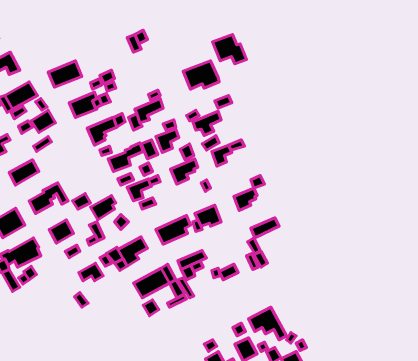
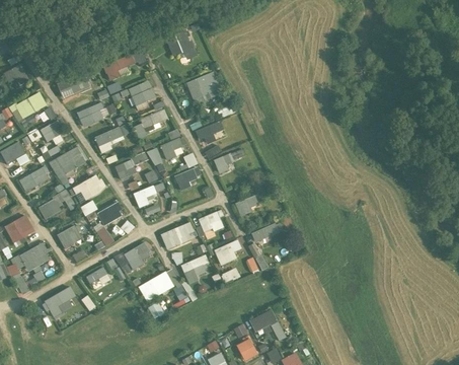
building: [213,34,246,64] -> [165,30,198,59]
building: none -> [102,54,135,81]
building: none -> [129,80,155,105]
building: none -> [50,145,87,185]
building: none -> [68,174,105,200]
building: none -> [214,239,241,265]
building: none -> [45,286,75,317]

